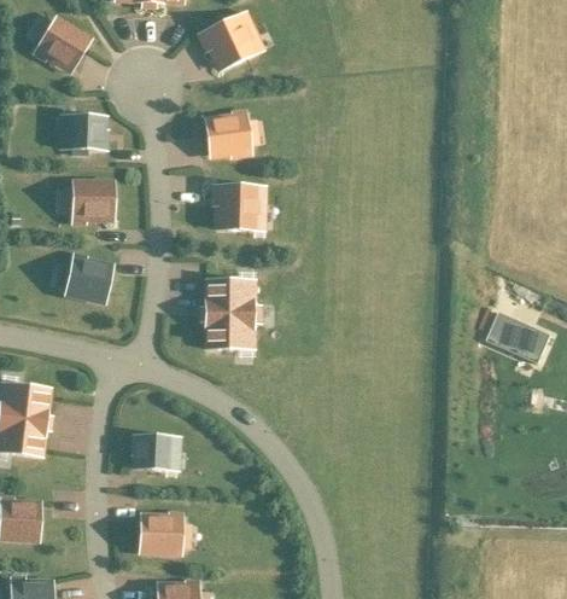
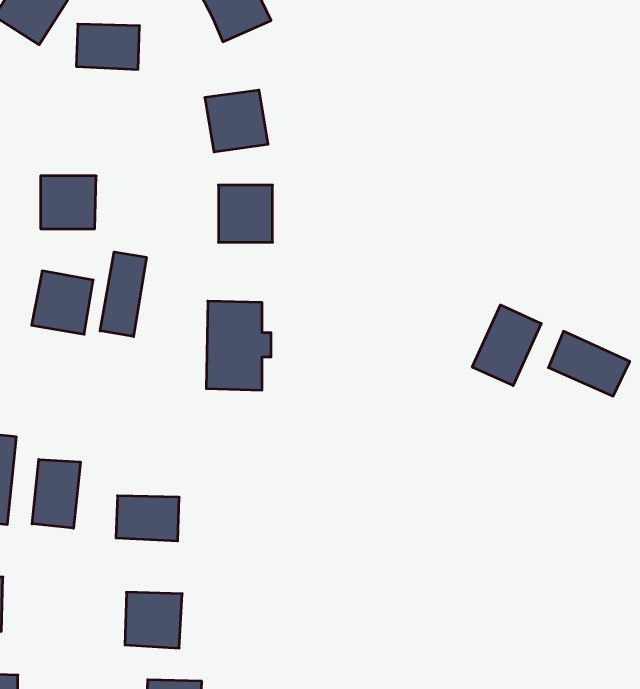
building: [58,115,109,151] -> [76,24,140,69]
building: none -> [100,252,146,337]
building: none -> [472,305,541,386]
building: none -> [32,459,80,528]

